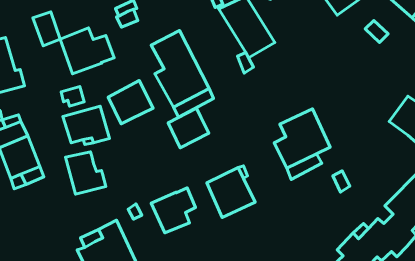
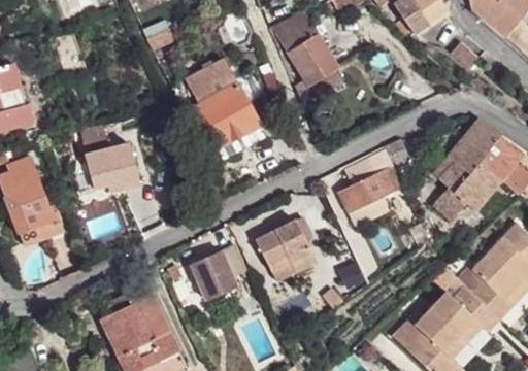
building: [60,28,114,74] -> none
building: [108,80,153,124] -> none
building: none -> [431,120,500,220]
building: [168,108,209,148] -> none
building: [65,152,106,194] -> none

